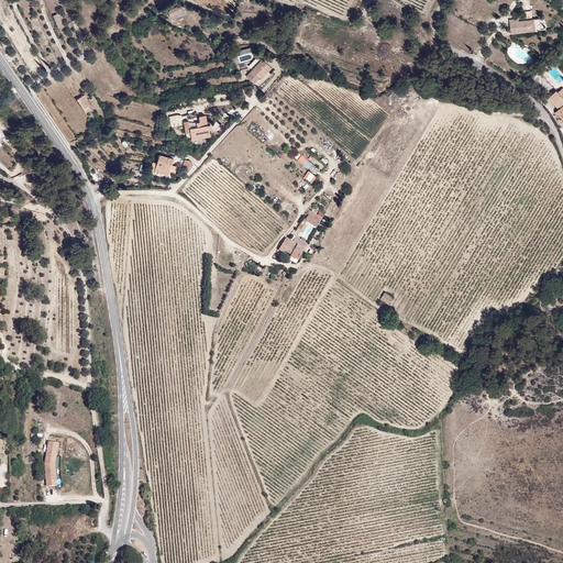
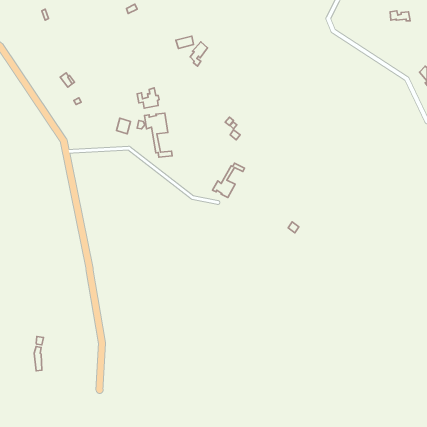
building: none -> [145,113,172,157]

